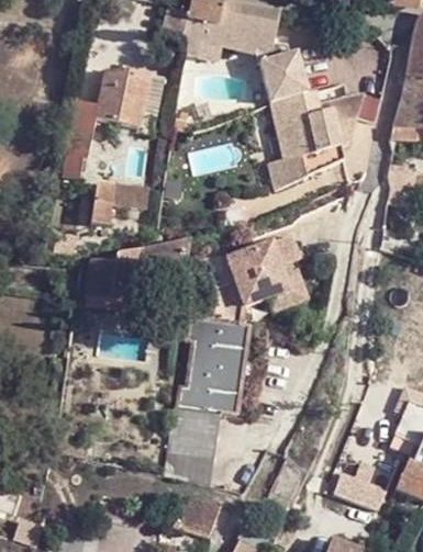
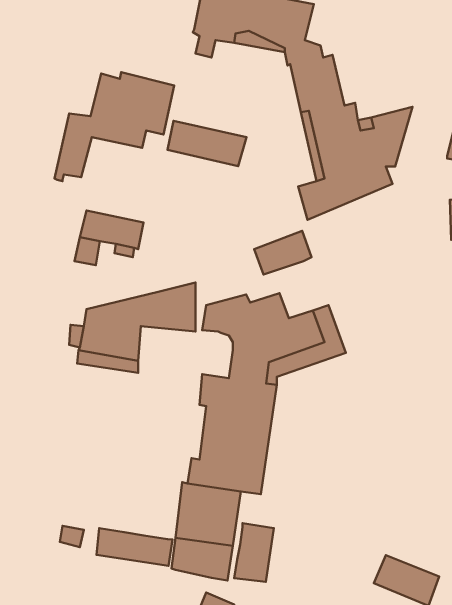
building: none -> [168,121,246,166]
building: [252,233,299,269] -> [254,231,311,275]
building: none -> [234,523,274,582]
building: none -> [97,528,173,566]

